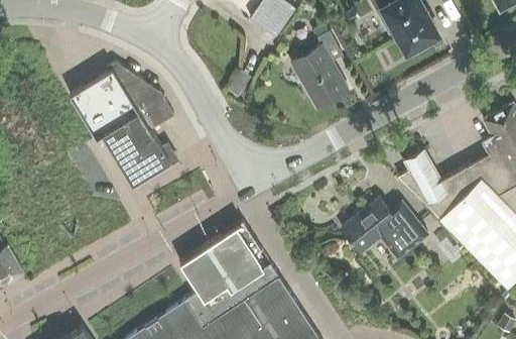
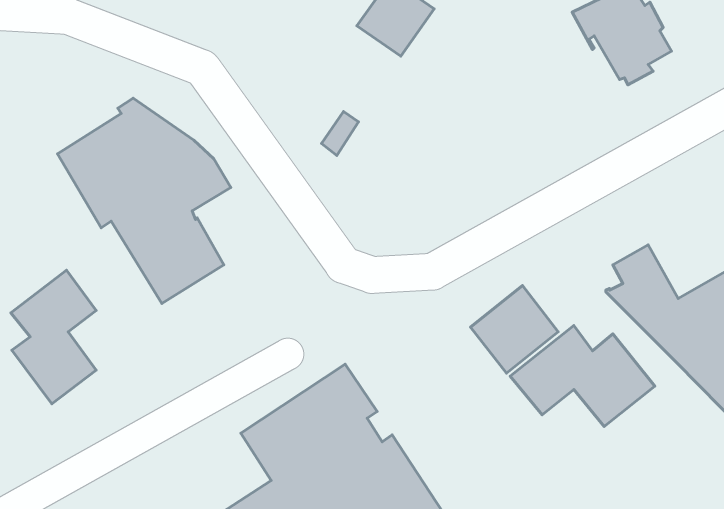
building: [291,26,348,109] -> none
building: none -> [11,270,96,404]
building: none -> [471,286,558,373]

